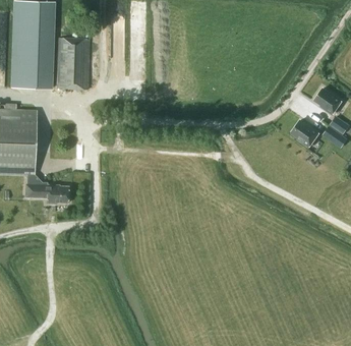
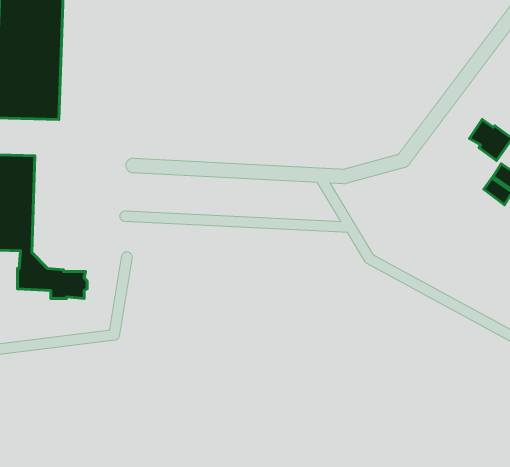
building: [57,38,90,90] -> none
building: [292,121,319,148] -> none

